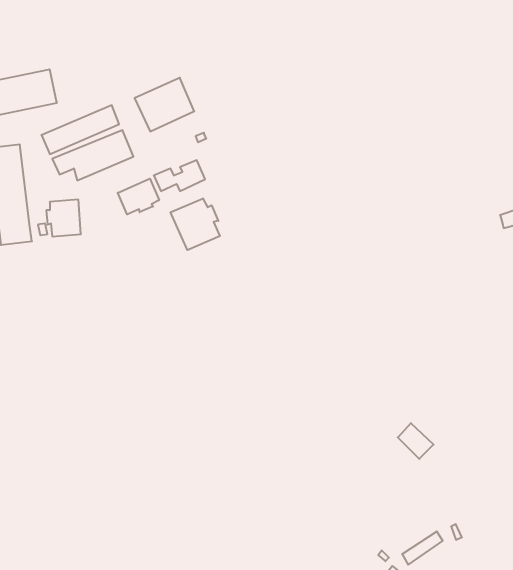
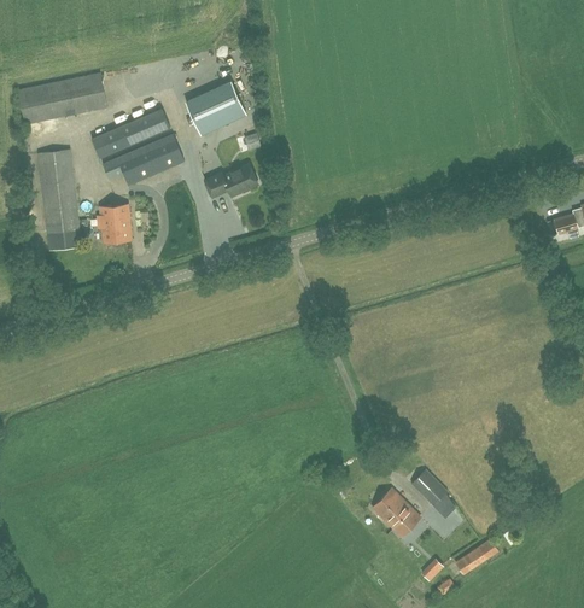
building: [118,179,159,214] -> none
building: [171,198,220,250] -> none
building: [398,423,434,459] -> [410,468,446,504]
building: none -> [370,487,420,536]

